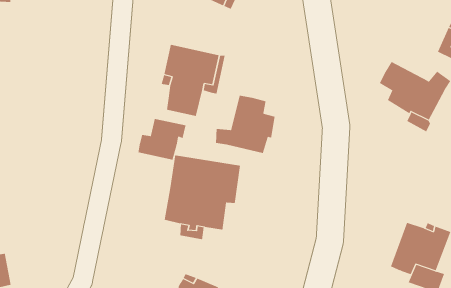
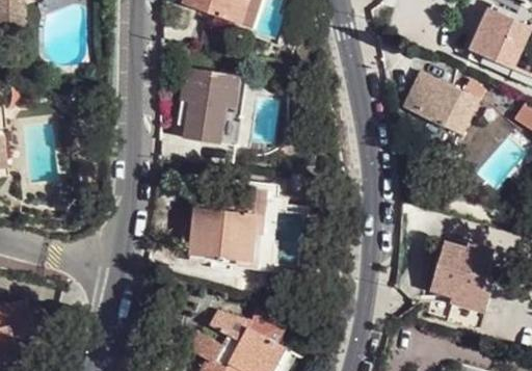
building: [216,95,275,154] -> none
building: [138,118,186,160] -> none

